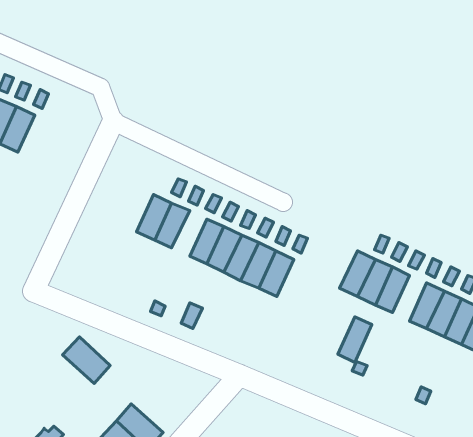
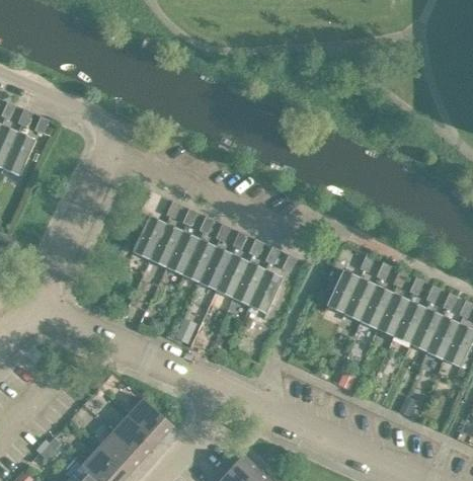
building: none -> [166,231,200,274]
building: [338,317,372,363] -> [377,293,409,336]
building: [62,337,110,384] -> [128,398,173,443]

